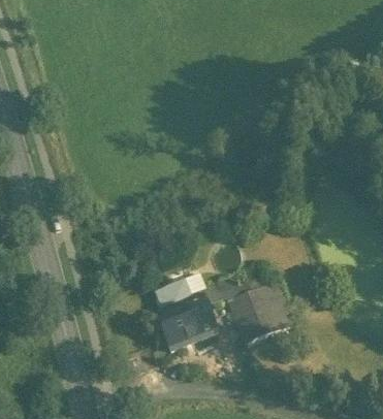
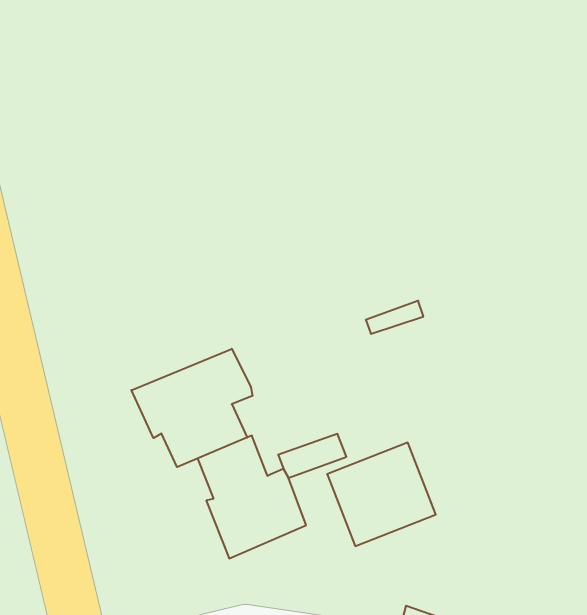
building: none -> [131,349,252,467]

